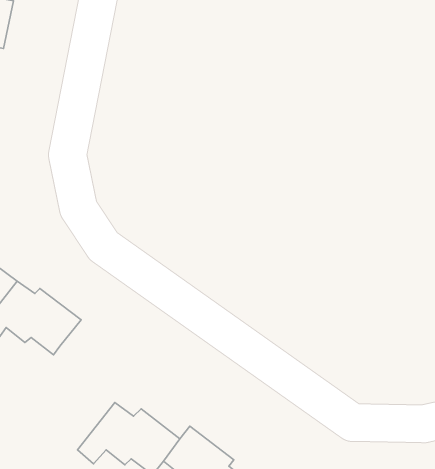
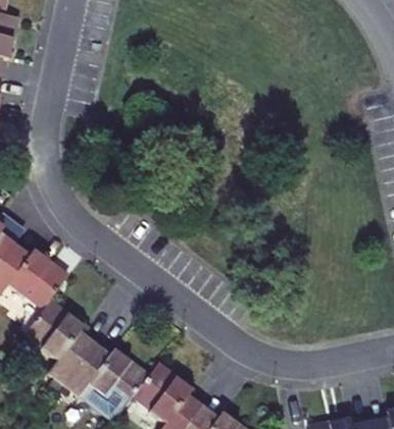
building: none -> [29,298,95,382]

